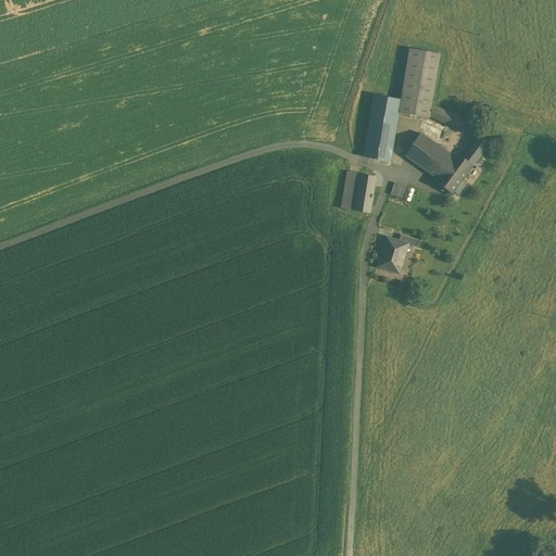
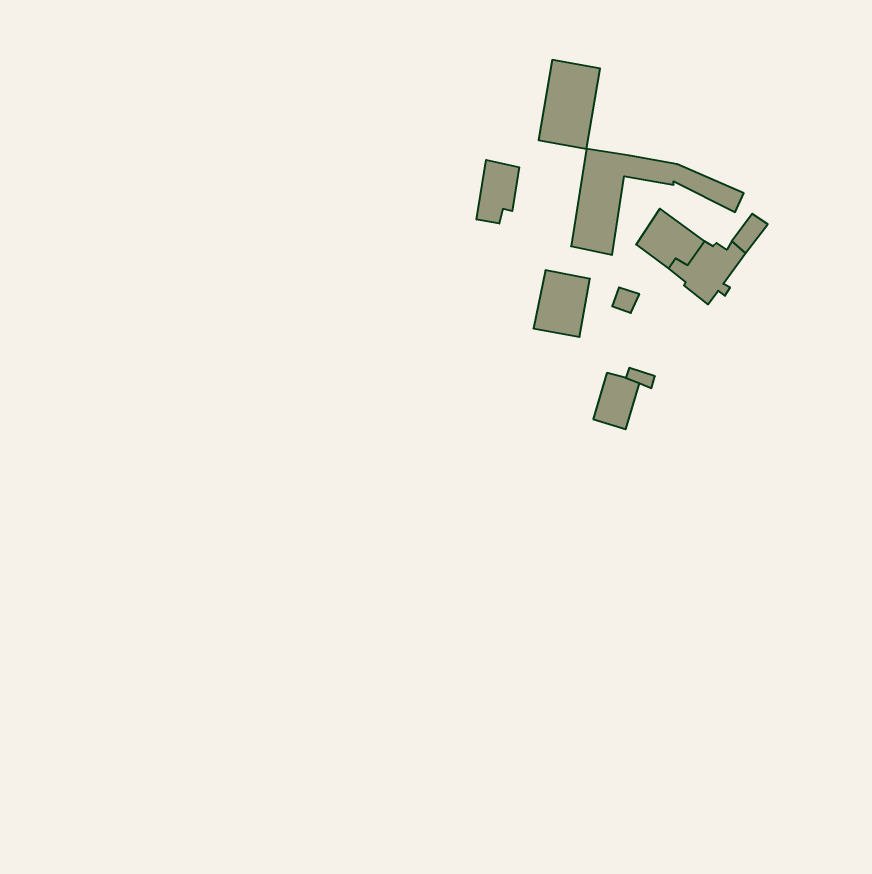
building: [400,48,439,104] -> [539,60,600,149]
building: none -> [477,160,519,224]

